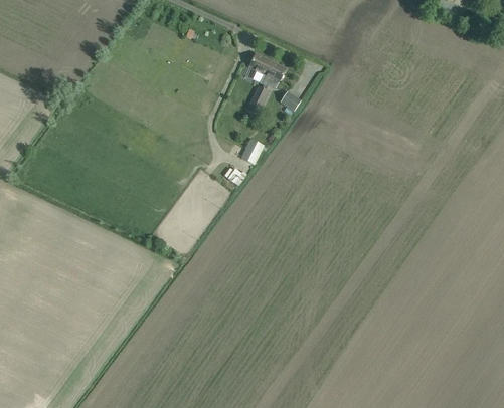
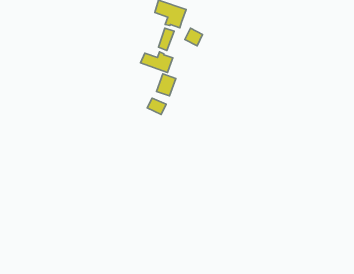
building: none -> [141,52,173,73]

